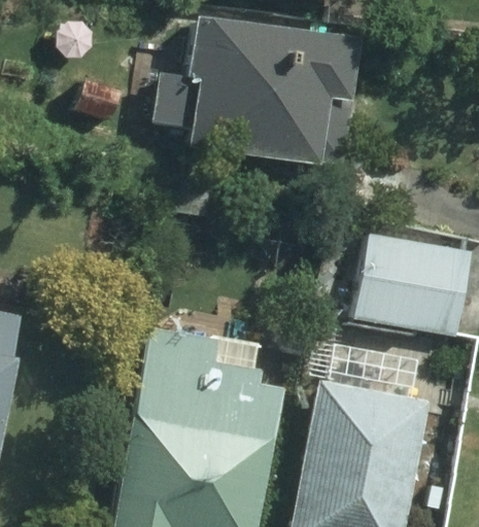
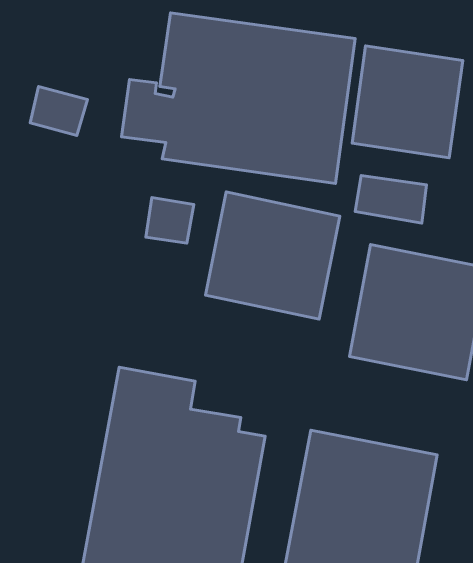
building: none -> [352,46,463,158]
building: none -> [205,192,340,319]

